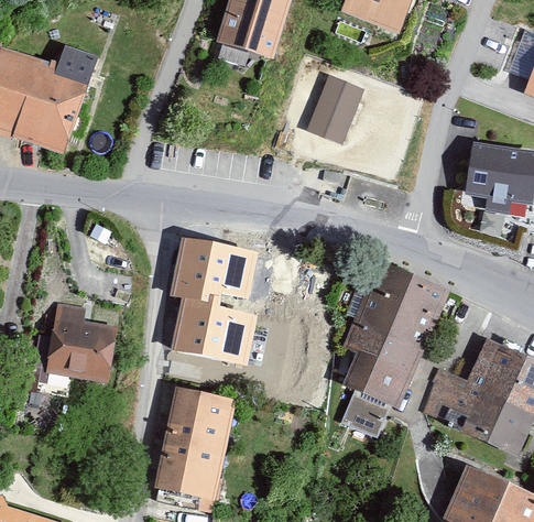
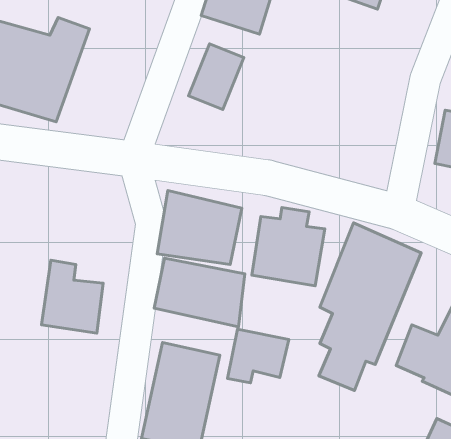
building: [304,74,362,143] -> [189,44,244,110]
building: none -> [252,207,325,286]
building: none -> [227,329,289,383]

